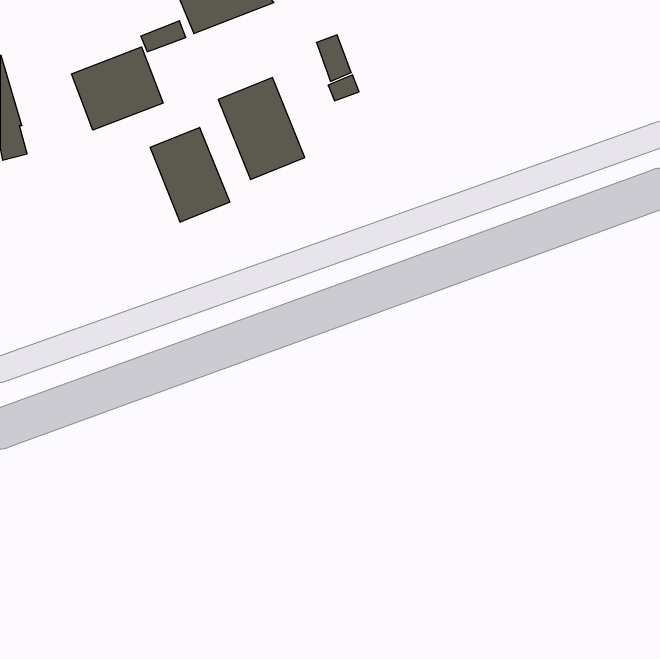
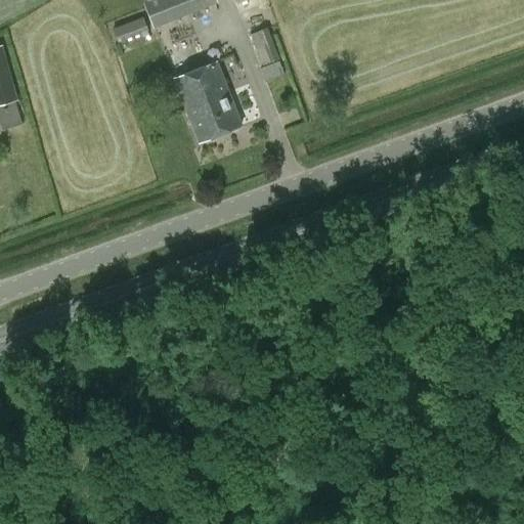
building: [71,47,163,130] -> none
building: [150,127,230,222] -> none

